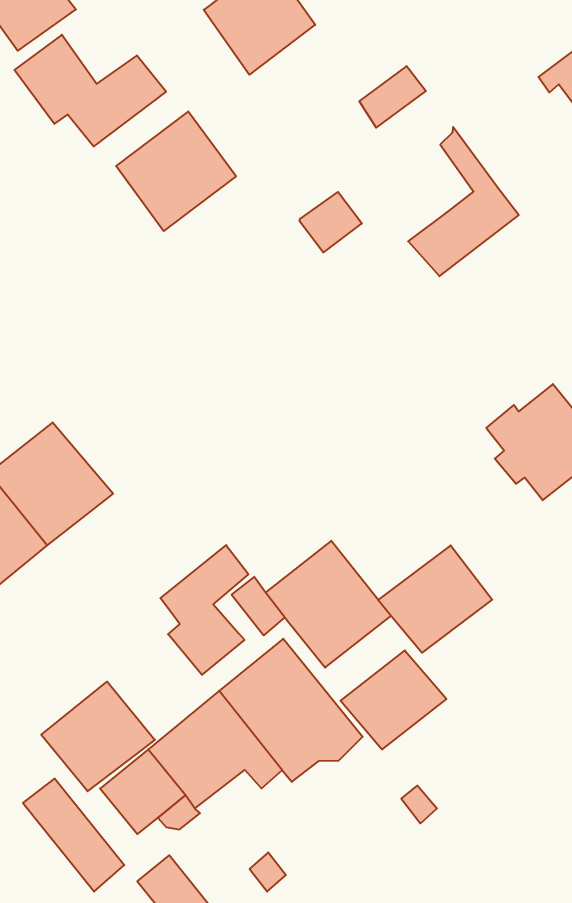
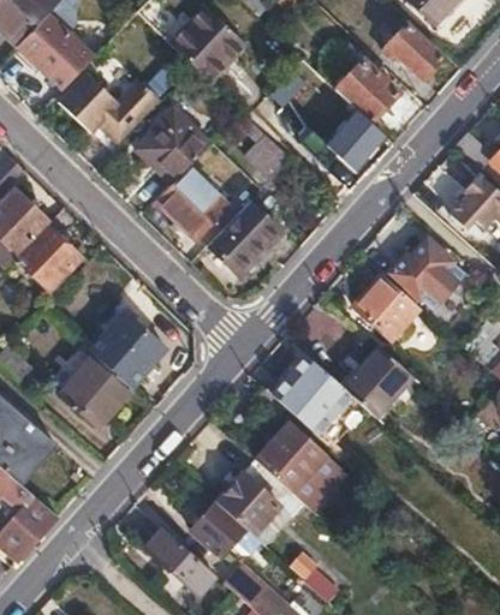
building: none -> [337,62,395,123]
building: none -> [155,166,228,238]
building: none -> [208,203,279,273]
building: none -> [352,273,418,339]
building: [160,545,248,675] -> none
building: [340,650,446,749] -> none
building: [41,682,155,791] -> none

